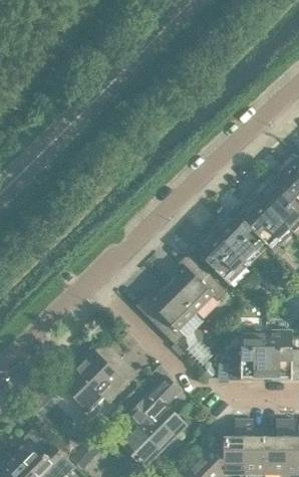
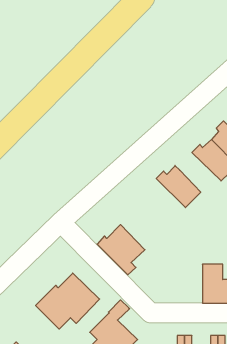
building: [239,193,290,248] -> none
building: [194,225,246,281] -> none
building: [166,253,229,313] -> none
building: [229,331,267,380] -> none

